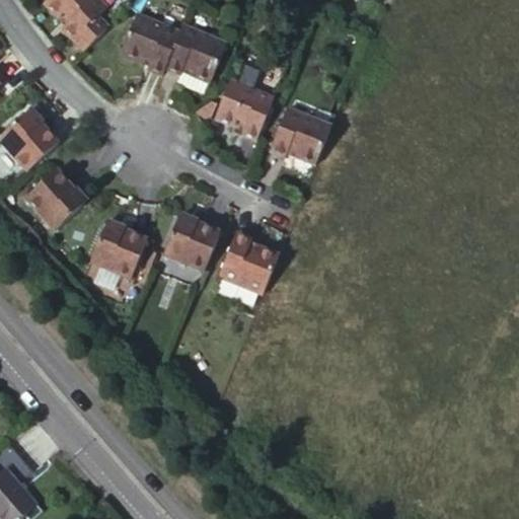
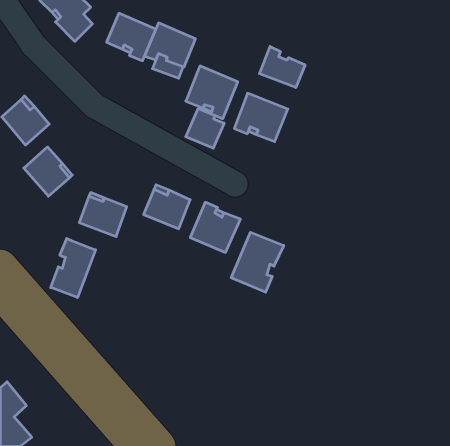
building: none -> [259,46,305,88]
building: none -> [186,109,224,148]
building: none -> [231,232,284,292]
building: none -> [51,238,96,298]

